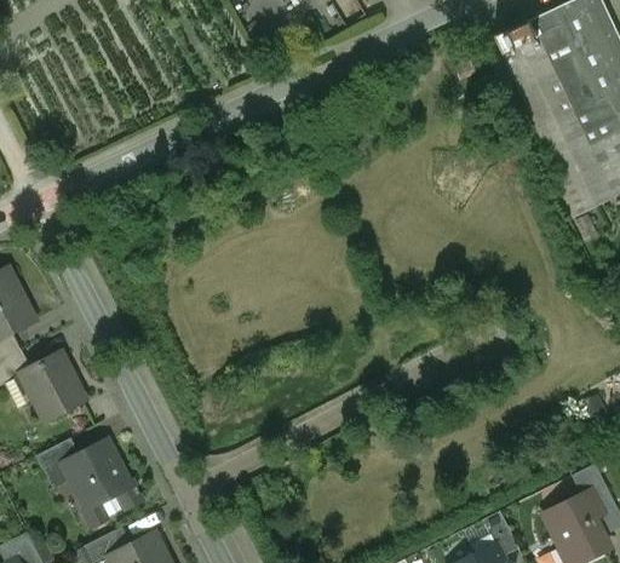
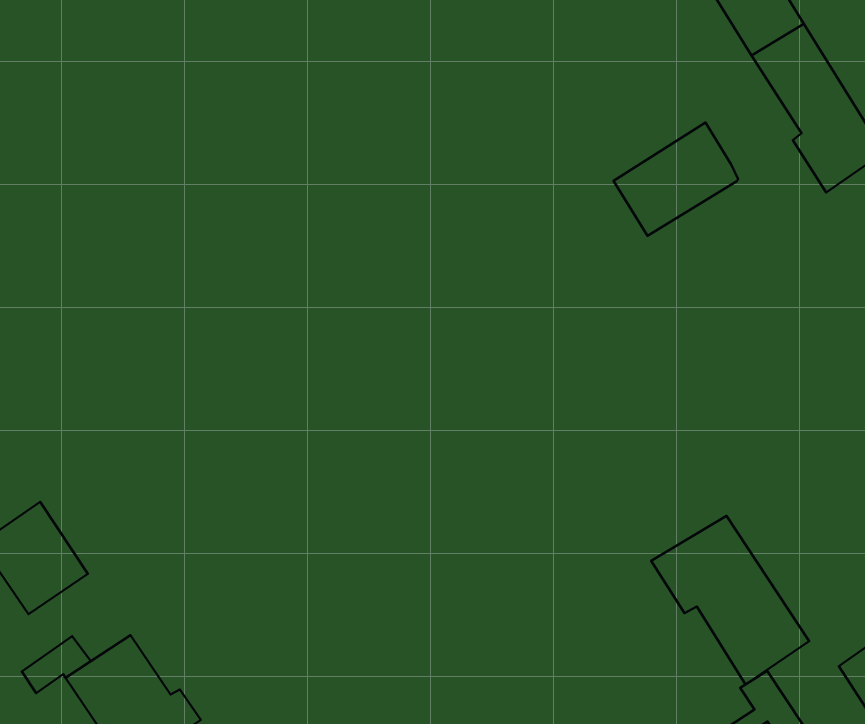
building: none -> [613,122,738,236]
building: none -> [651,516,809,684]

